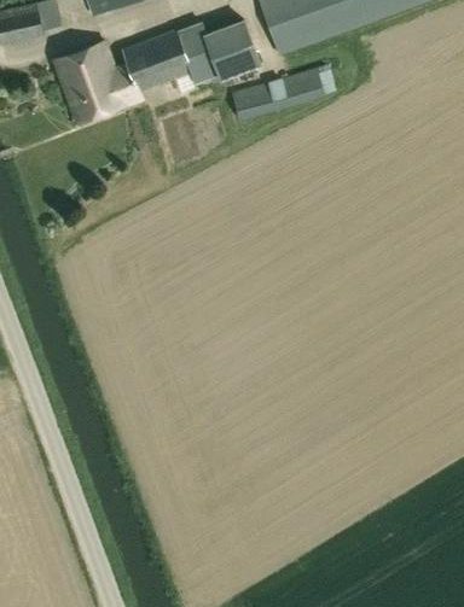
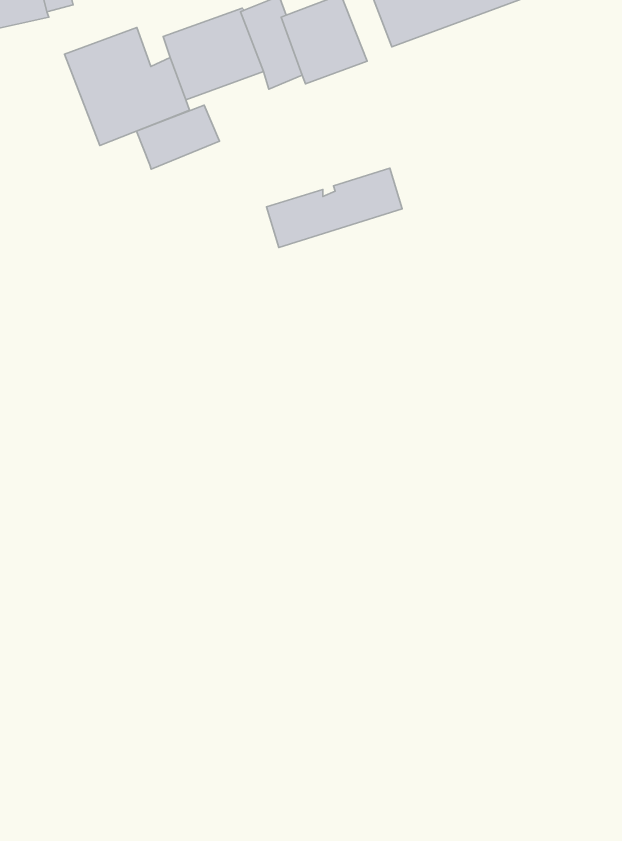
building: [232,66,325,121] -> [267,168,402,247]
building: none -> [137,105,219,169]

